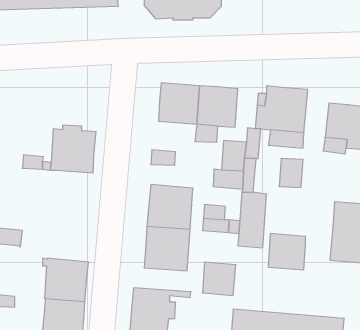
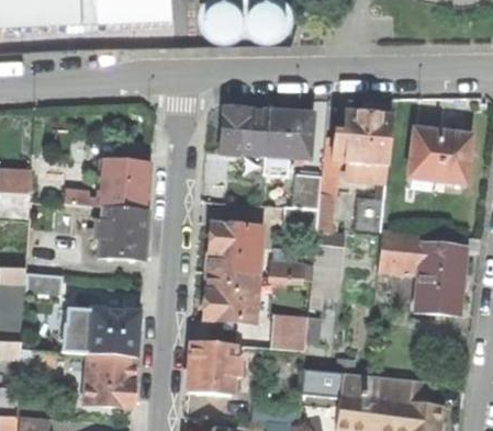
building: none -> [93,207,145,260]
building: [268,233,306,270] -> [379,231,422,273]
building: none -> [64,307,91,354]

